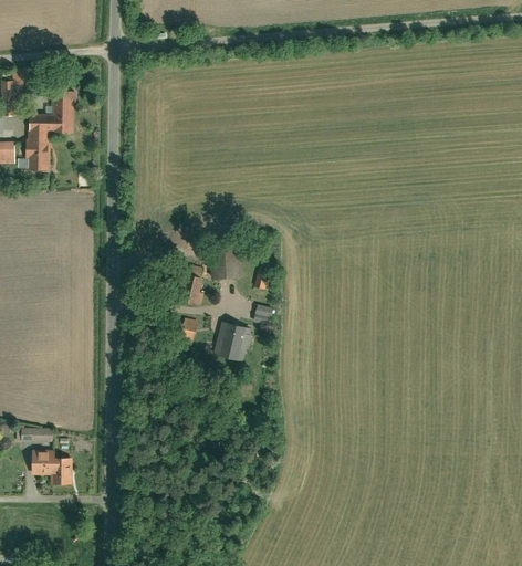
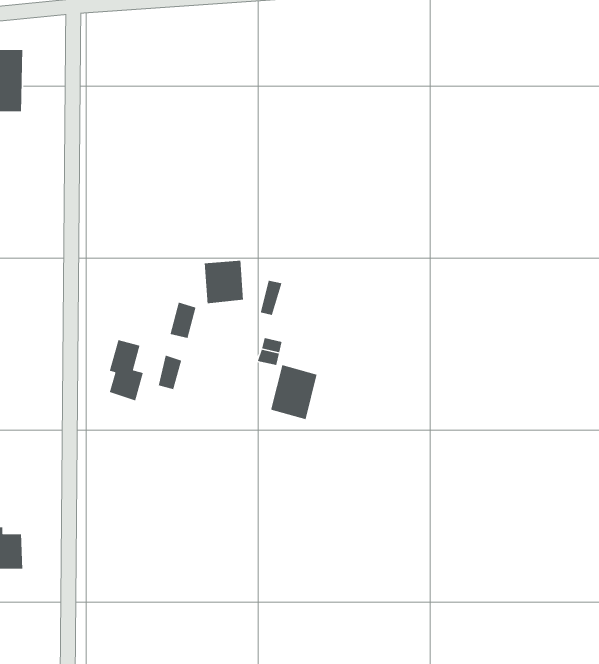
building: none -> [109,339,144,402]
building: [215,321,251,364] -> [270,364,318,420]

